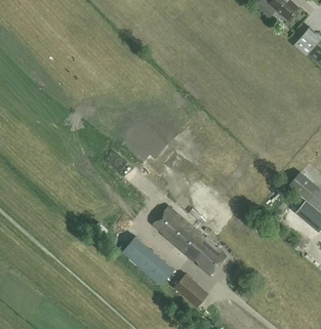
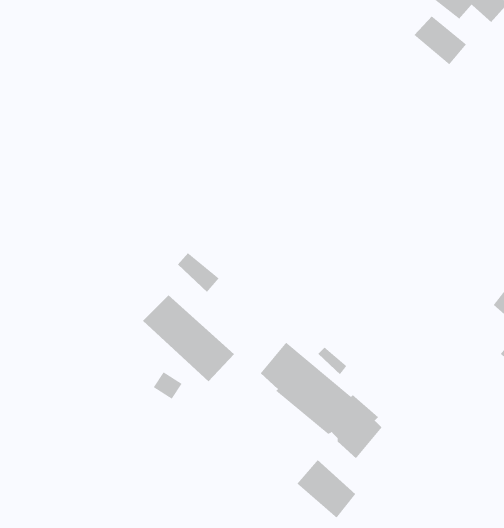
building: none -> [413,16,467,65]
building: [121,238,175,289] -> [142,294,235,382]

